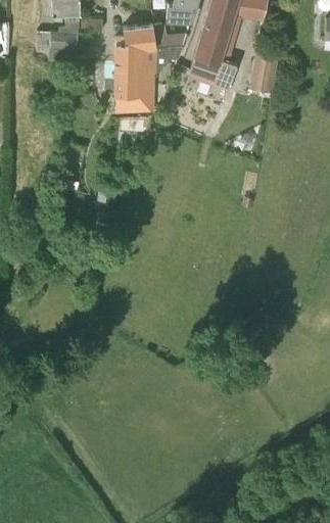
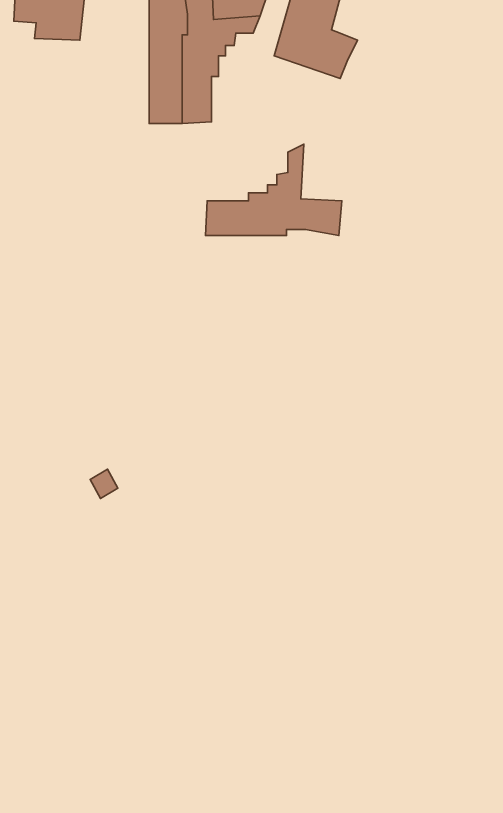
building: [249,47,279,92] -> none
building: none -> [206,144,342,236]

